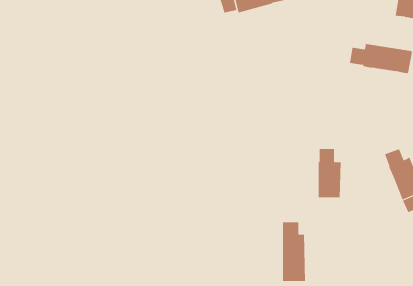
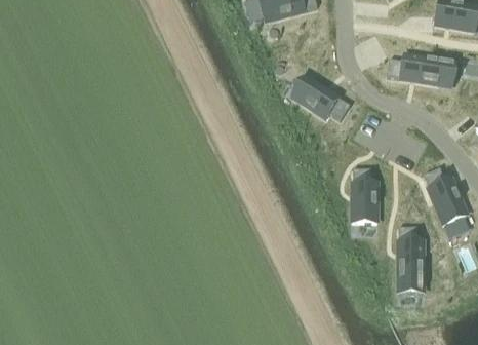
building: none -> [292,77,350,121]
building: [282,222,306,281] -> [398,228,424,293]

